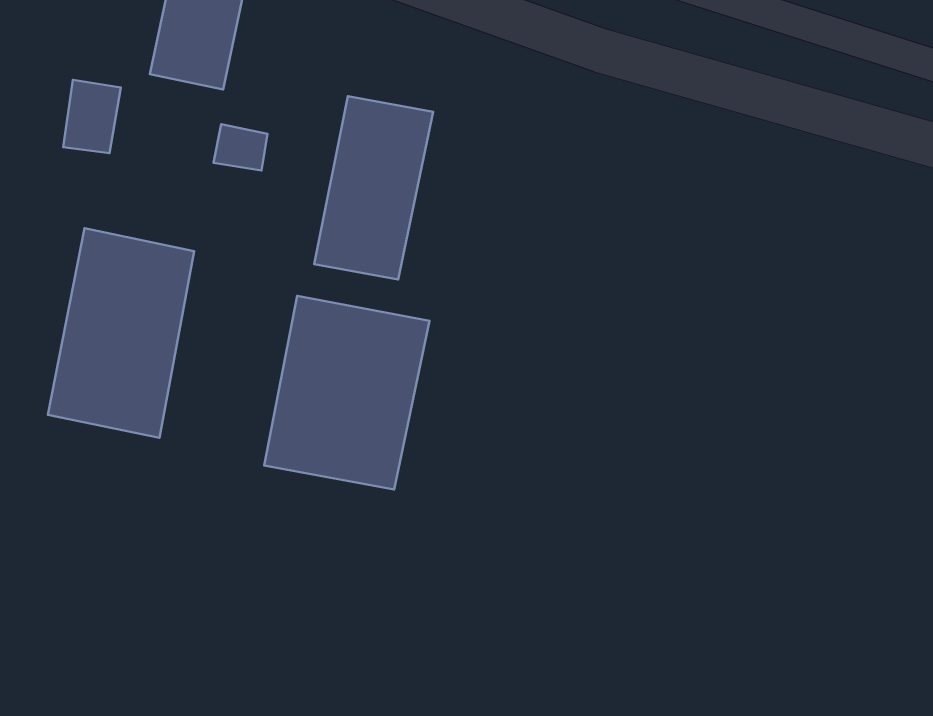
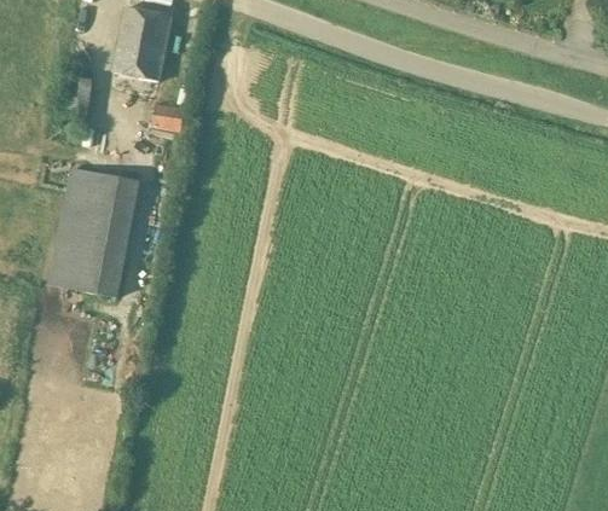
building: [314,96,433,280] -> none
building: [264,296,430,489] -> none

